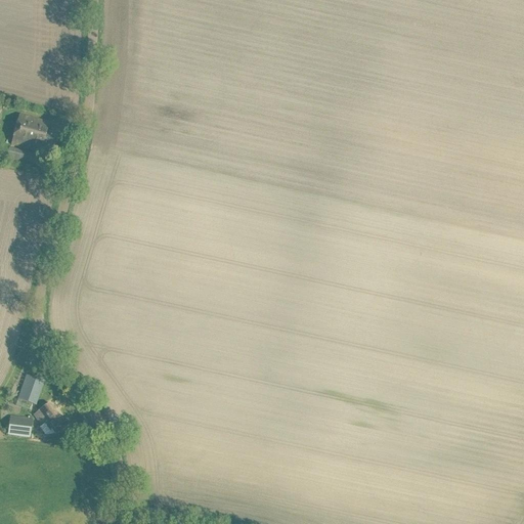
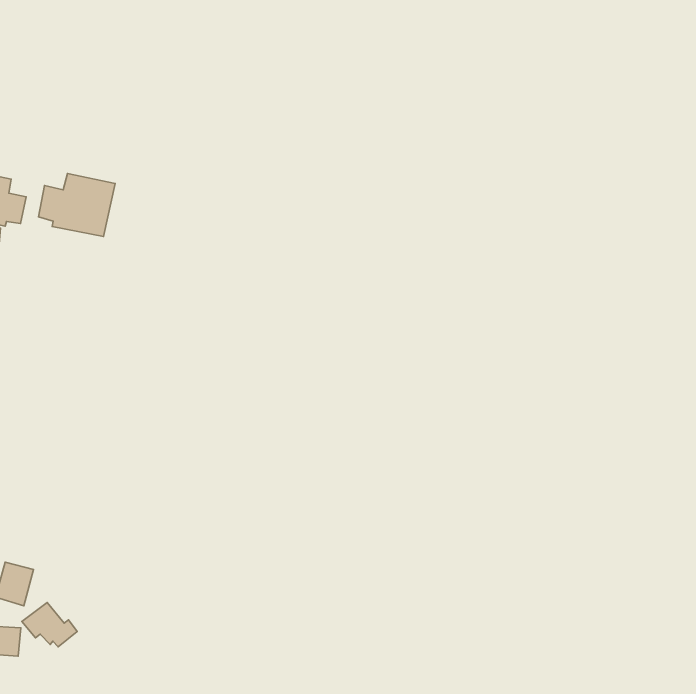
building: none -> [38,174,115,237]

